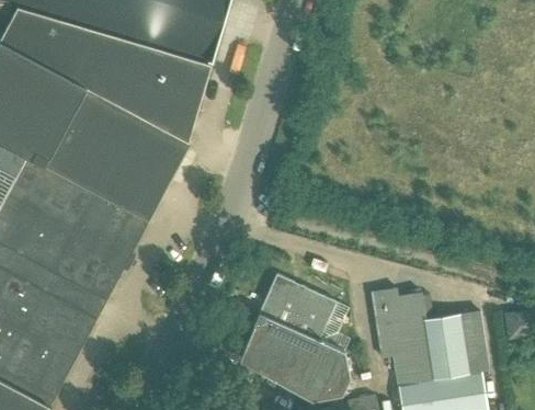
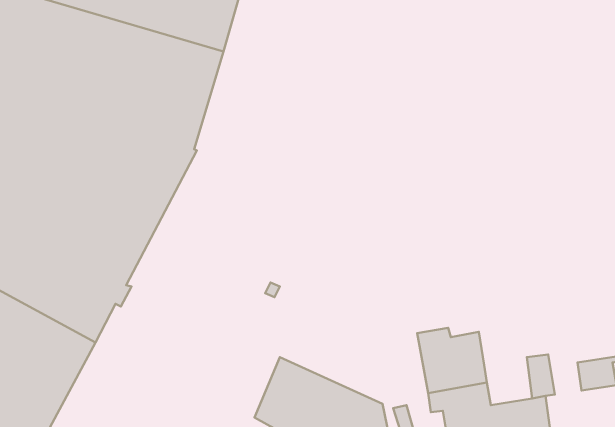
building: [259,274,337,339] -> none
building: [426,311,466,351] -> none

